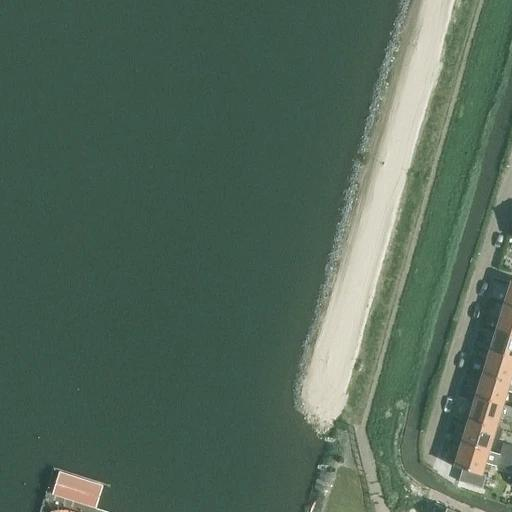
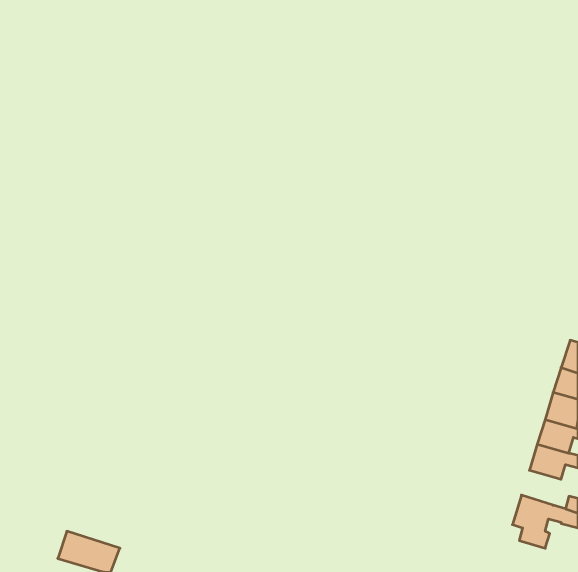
building: [461,416,502,447] -> none

